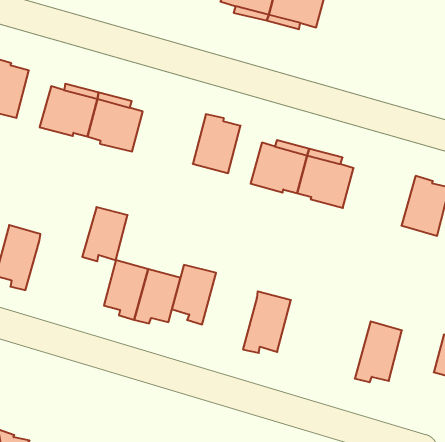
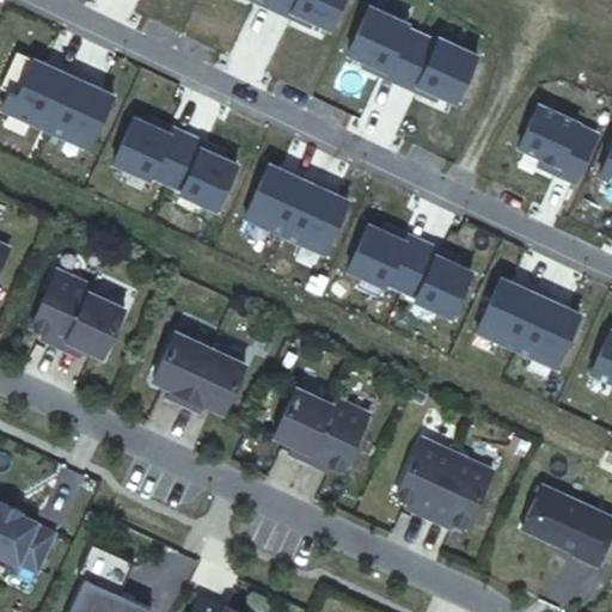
building: none -> [519,106,598,176]
building: none -> [245,166,310,237]
building: none -> [476,280,541,350]
building: [82,207,128,261] -> [65,295,126,361]
building: [172,265,216,324] -> [274,390,332,463]
building: none -> [397,439,460,519]

